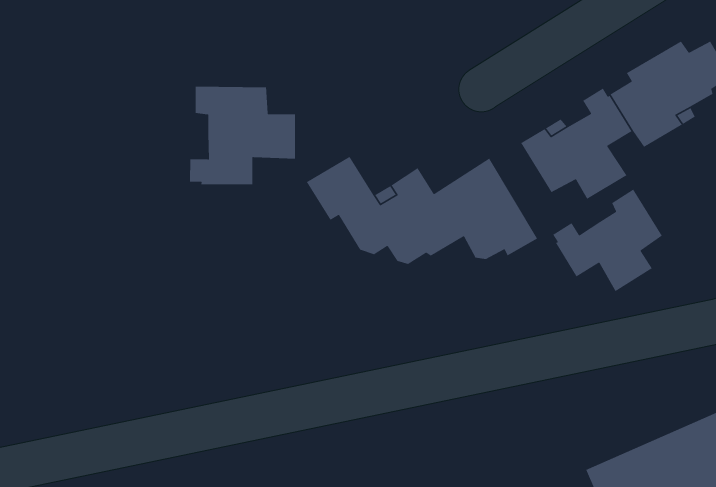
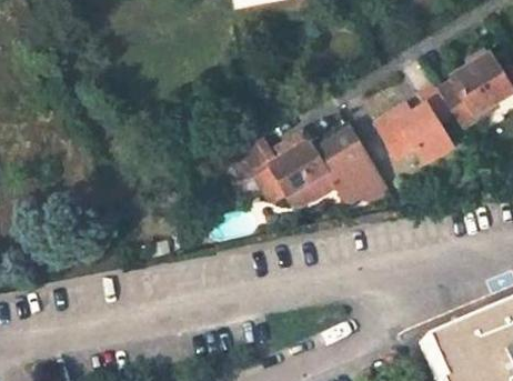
building: [189,86,296,185] -> none
building: [552,189,663,292] -> none

